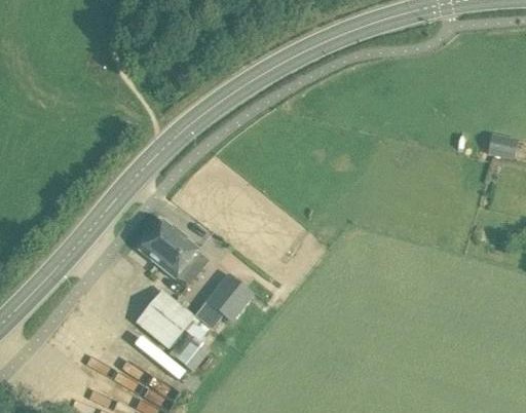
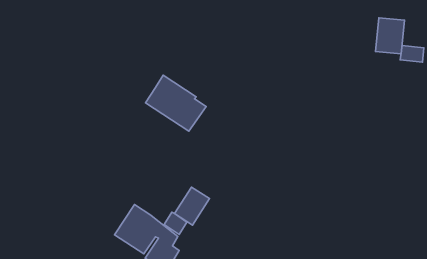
building: none -> [376,18,404,54]
building: [139,219,209,287] -> [145,75,206,131]

